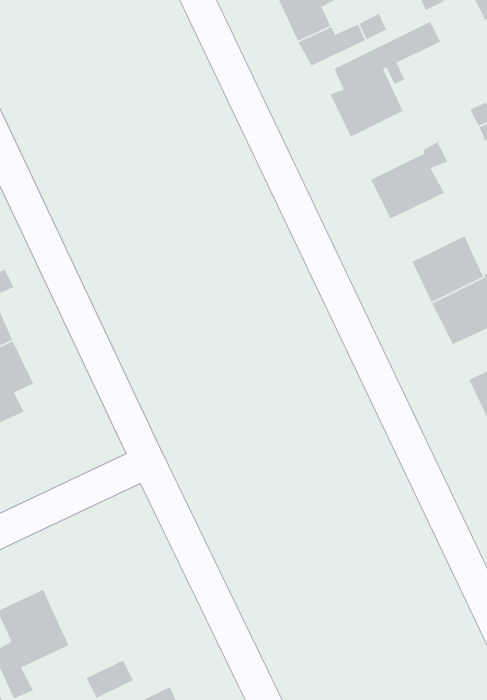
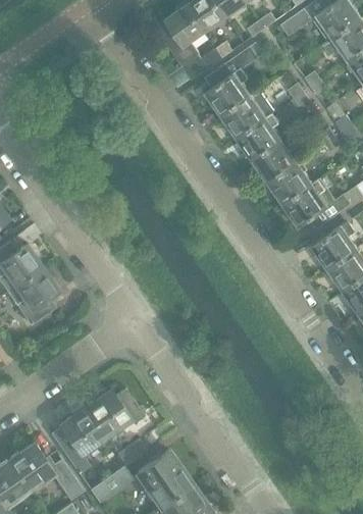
building: none -> [220,90,273,139]
building: none -> [251,140,296,183]
building: none -> [84,387,143,438]

